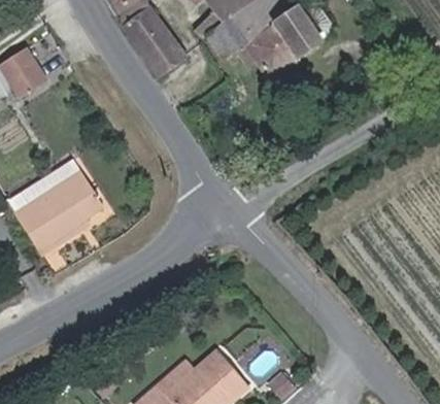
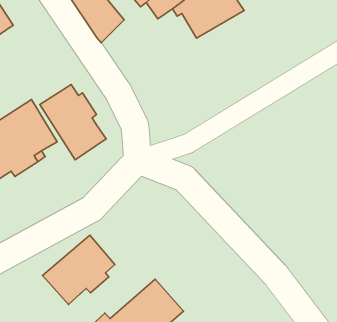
building: none -> [40,85,106,160]
building: none -> [42,235,115,305]

